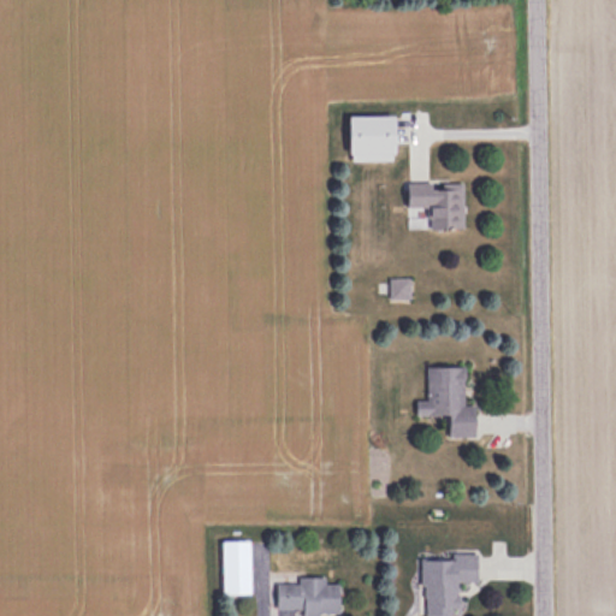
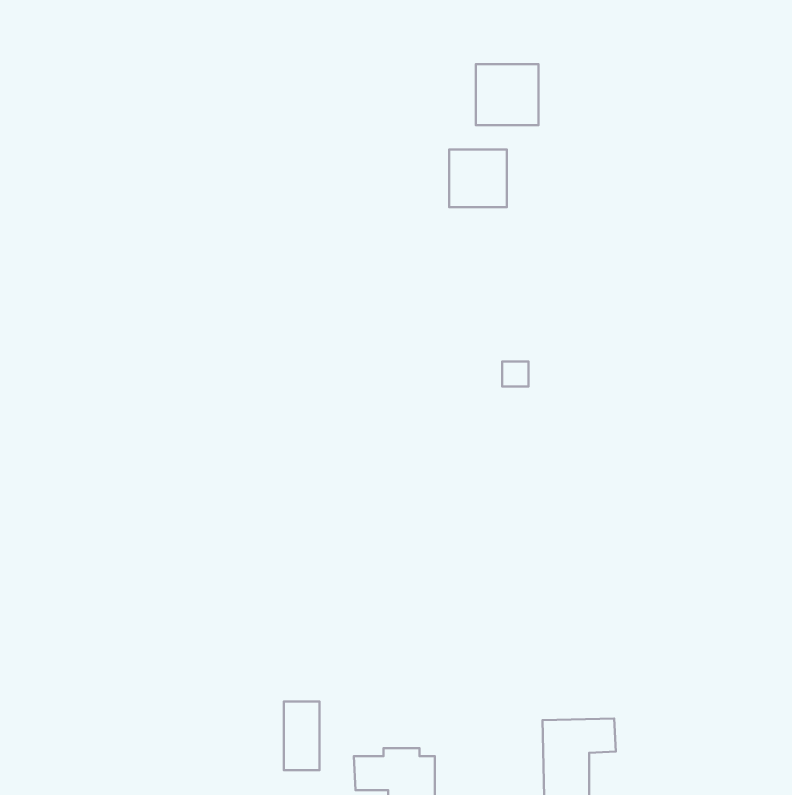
building: none -> [476,64,539,125]
building: [410,184,464,230] -> none
building: [417,368,475,438] -> none

